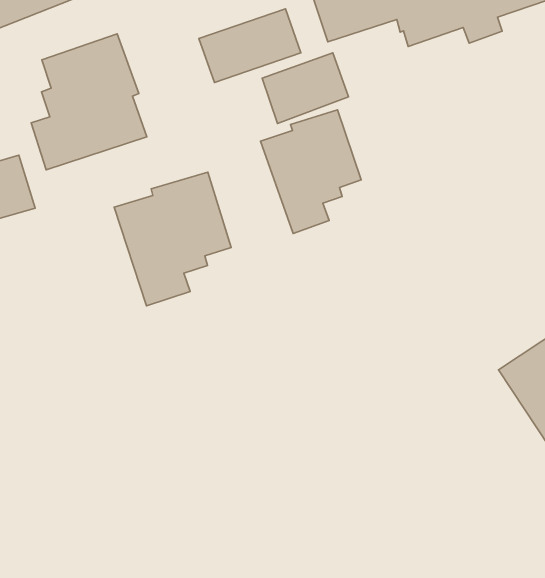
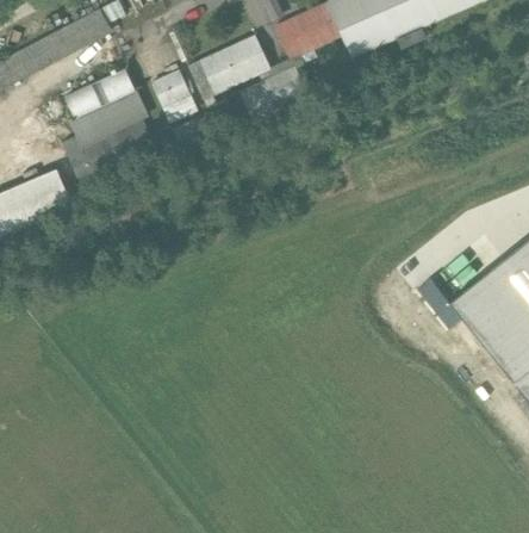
building: none -> [151,69,198,123]
building: [260,110,361,233] -> none
building: [114,172,231,306] -> none

